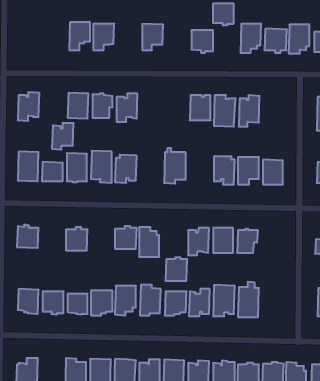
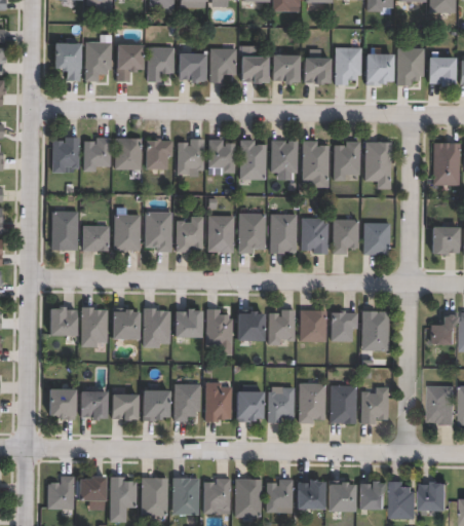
building: [213,4,234,25] -> [304,59,331,86]
building: none -> [84,42,111,81]
building: none -> [53,44,80,82]
building: none -> [179,54,206,84]
building: none -> [241,58,268,85]
building: none -> [207,139,234,173]
building: none -> [239,139,266,179]
building: none -> [364,141,391,188]
building: [52,123,74,150] -> [82,137,110,171]
building: none -> [269,214,296,253]
building: none -> [206,215,233,252]
building: none -> [80,306,107,346]
building: none -> [142,307,169,347]
building: none -> [360,310,388,350]
building: [165,257,187,281] -> [237,310,265,340]
building: none -> [362,387,389,424]
building: none -> [80,476,108,500]

